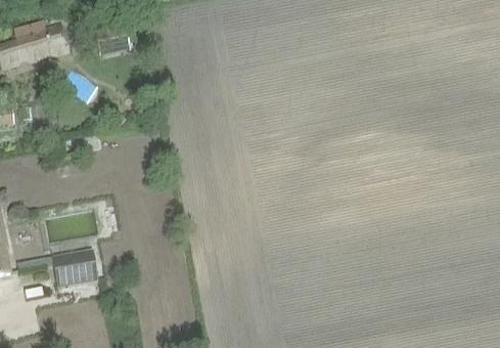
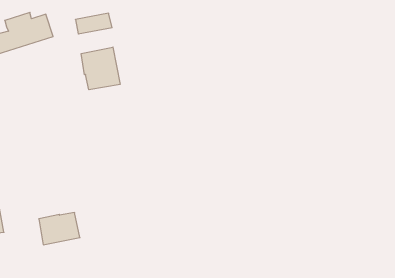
building: none -> [81,47,120,90]

